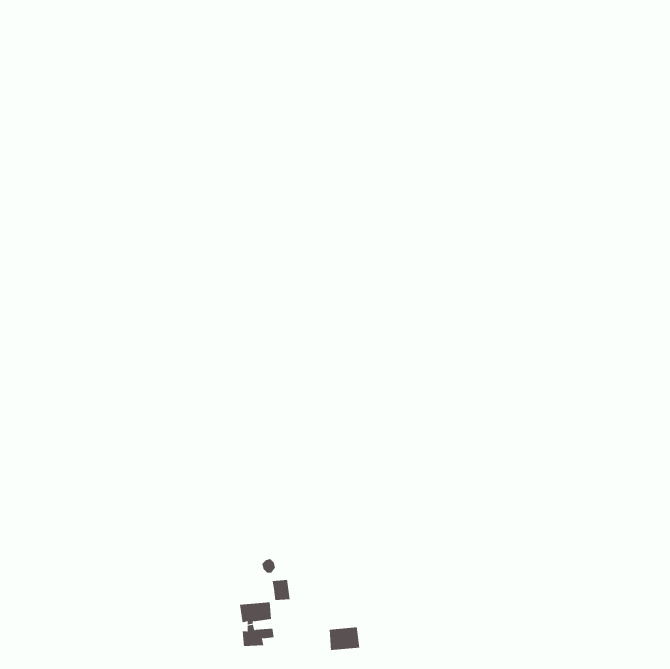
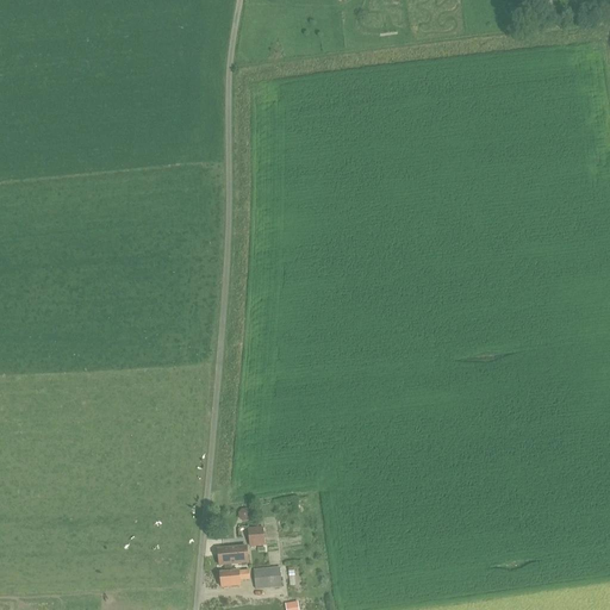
building: [329,627,360,650] -> [253,566,281,587]

